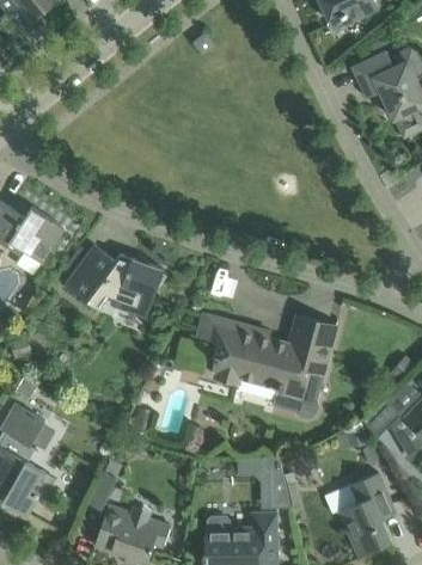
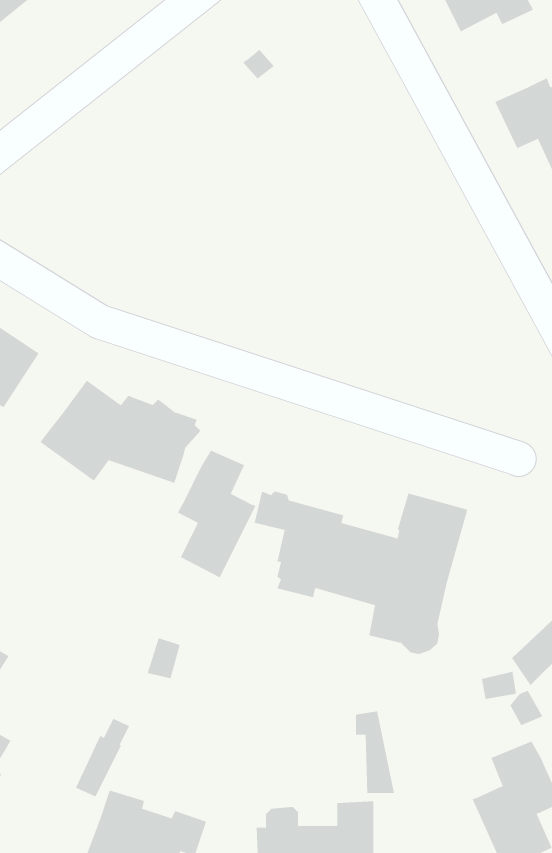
building: none -> [177,450,256,578]

